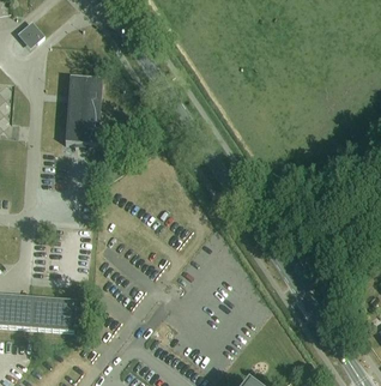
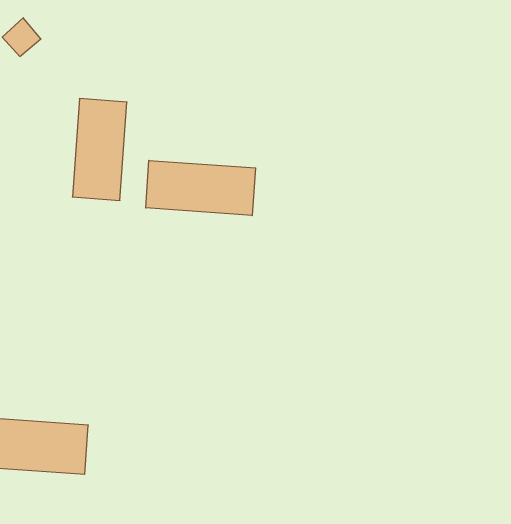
building: none -> [146,160,256,216]

